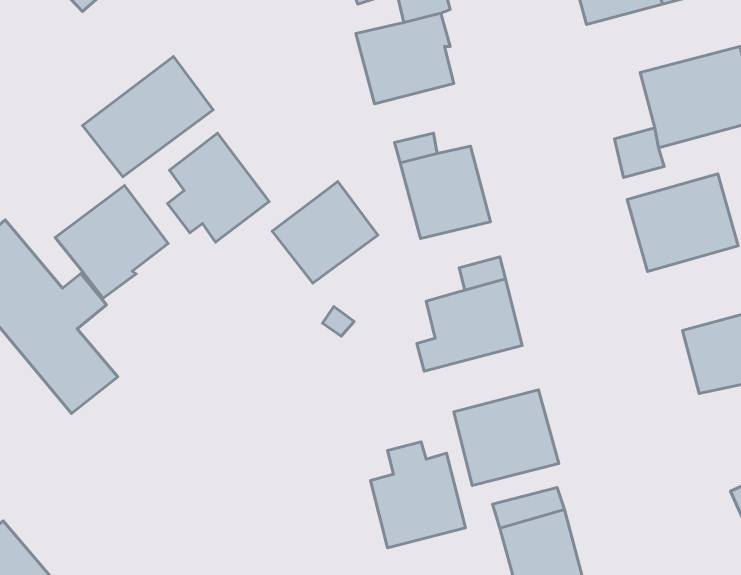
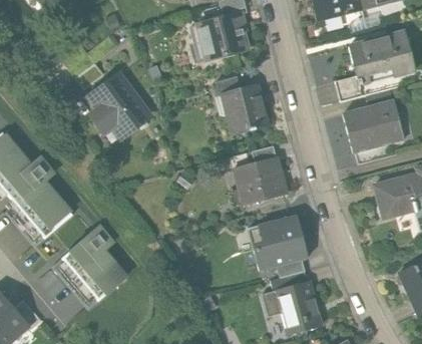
building: [82,57,213,177] -> none
building: [272,181,378,283] -> none
building: [55,186,168,298] -> none
building: none -> [63,225,138,301]
building: [371,442,466,548] -> none

